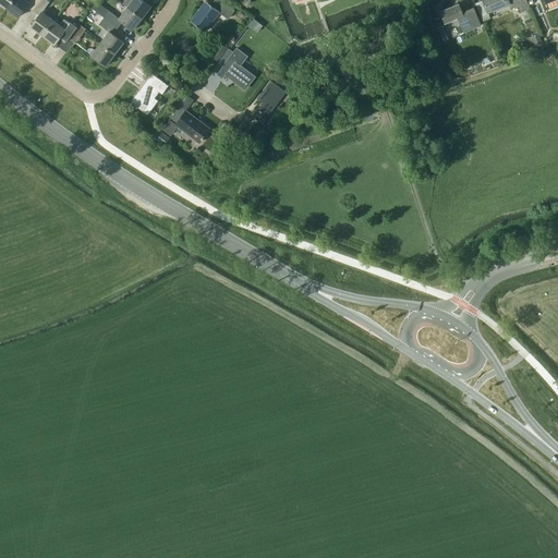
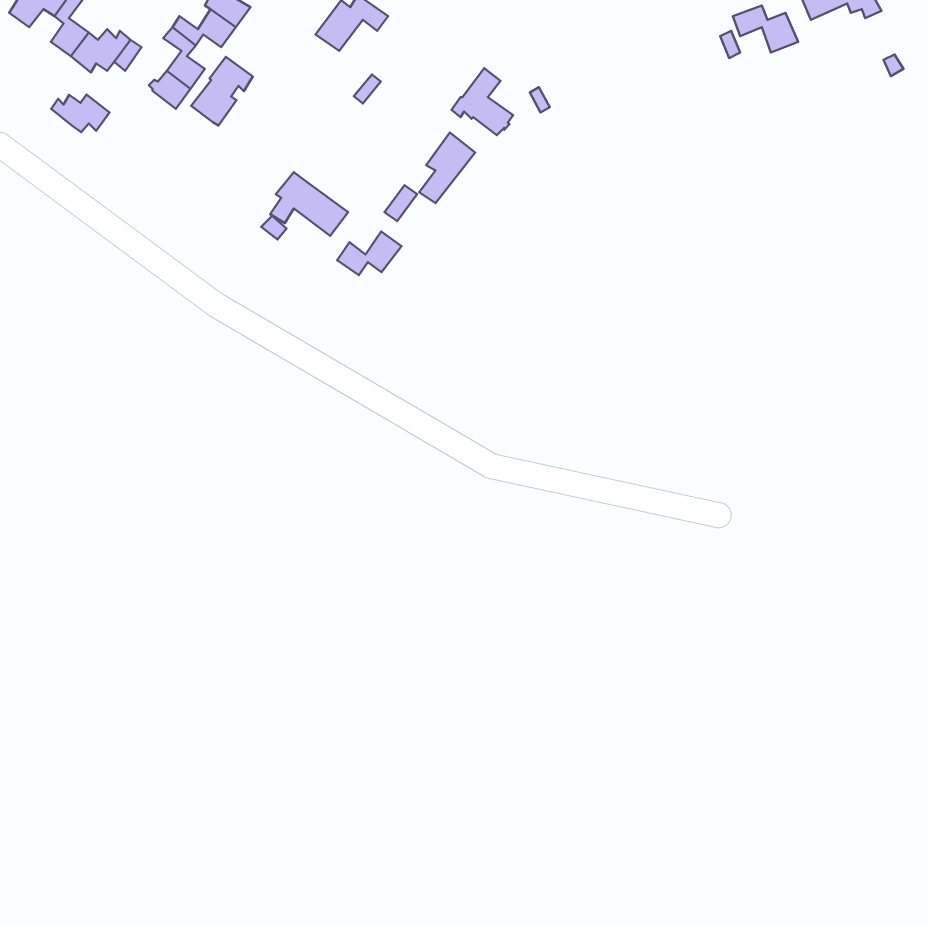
building: [217,48,254,88] -> [452,68,513,135]
building: none -> [51,95,109,132]
building: [131,73,168,114] -> [191,57,253,126]
building: none -> [337,231,401,275]

